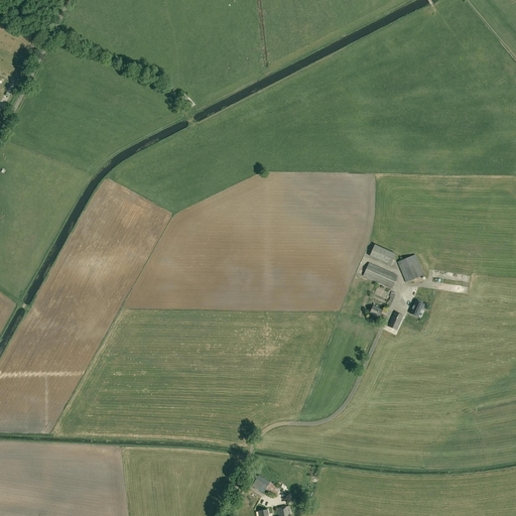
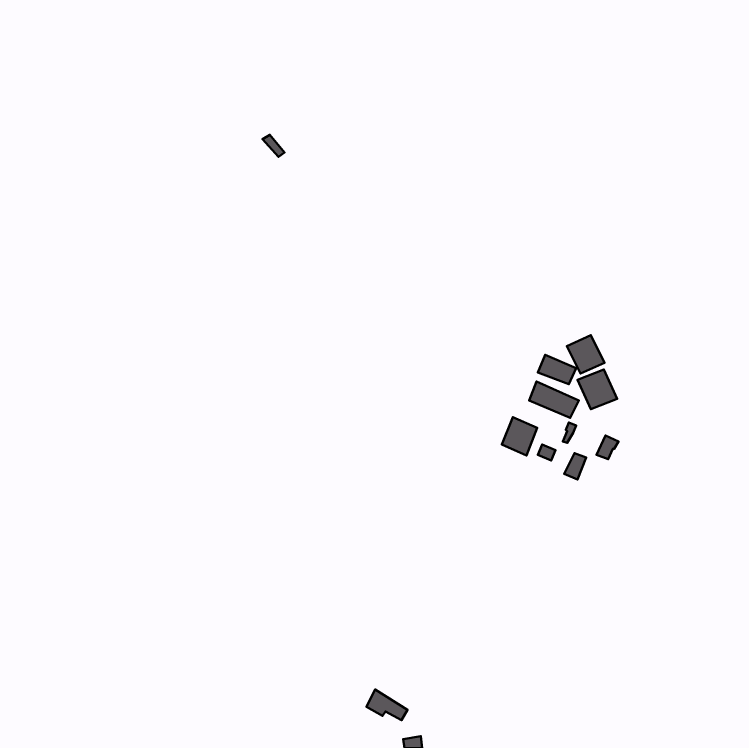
building: none -> [567,335,604,373]
building: none -> [502,417,537,455]

